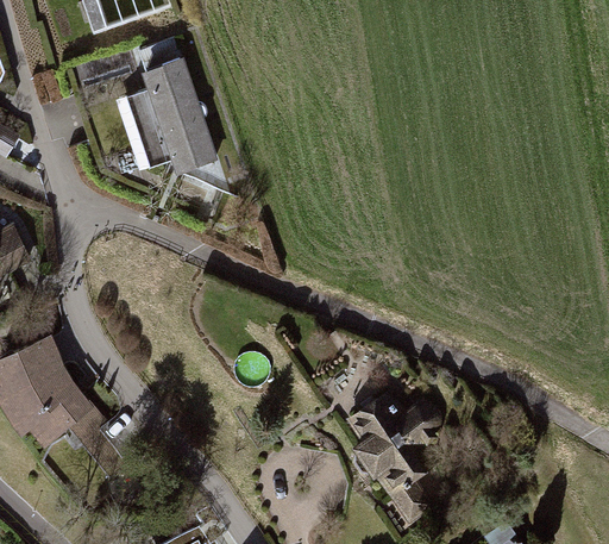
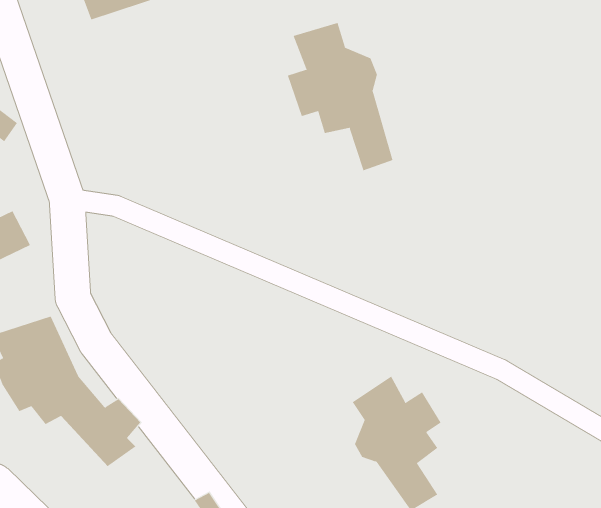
building: none -> [287,22,393,171]
building: [113,44,226,192] -> none

